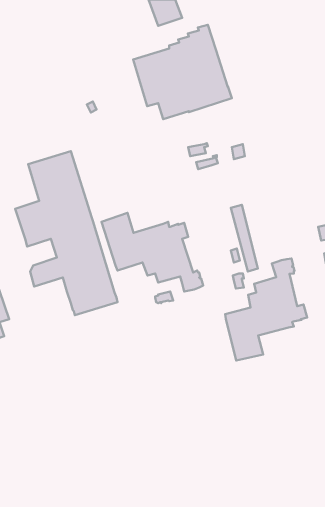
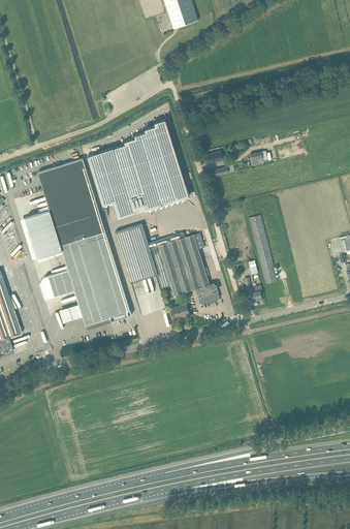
building: [133,25,232,119] -> [87,119,189,217]
building: [225,259,307,361] -> none

